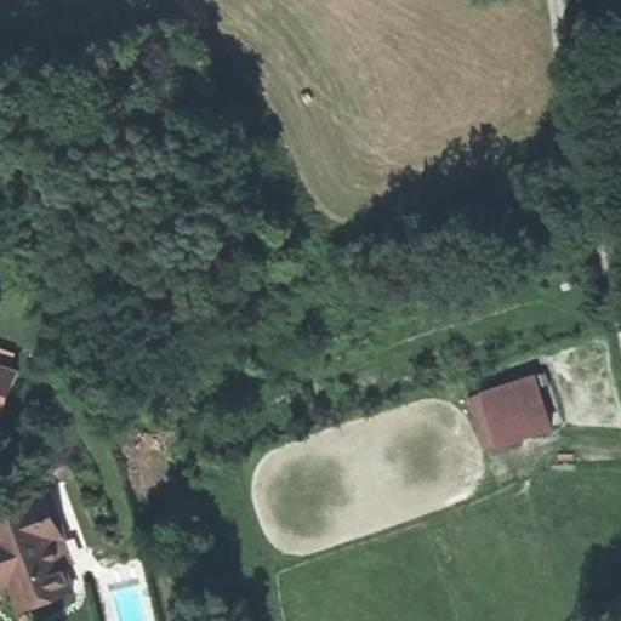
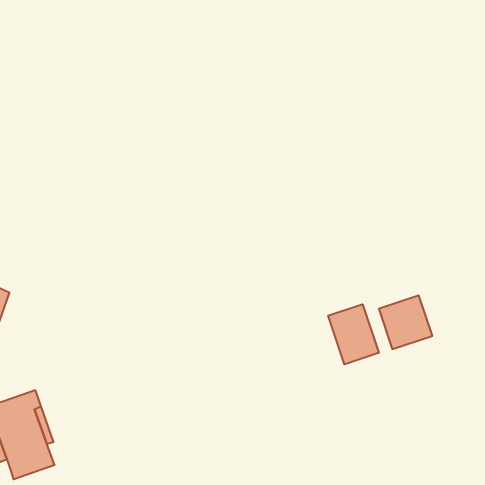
building: none -> [328,304,379,364]

